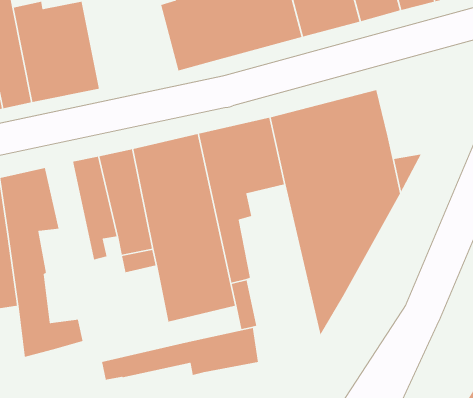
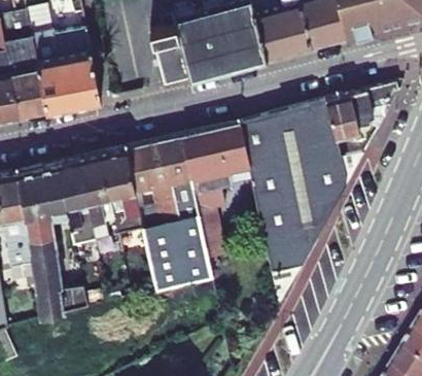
building: none -> [326,82,397,139]
building: none -> [56,160,95,245]
building: [101,327,259,381] -> none

